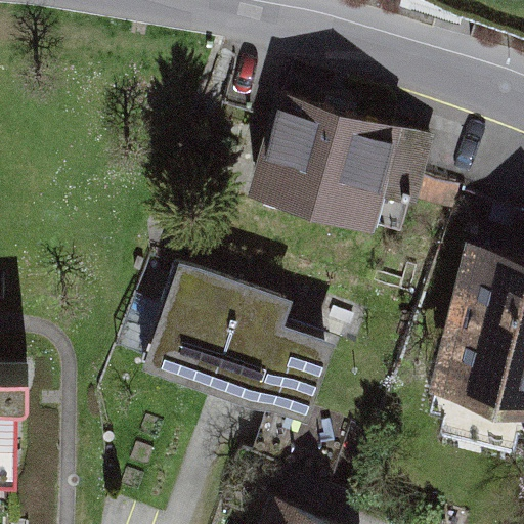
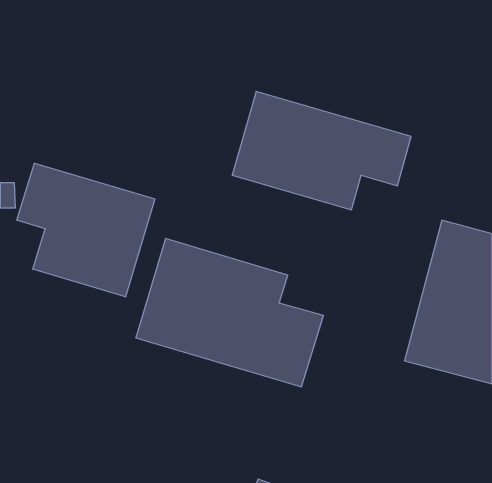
building: none -> [17,163,155,297]

